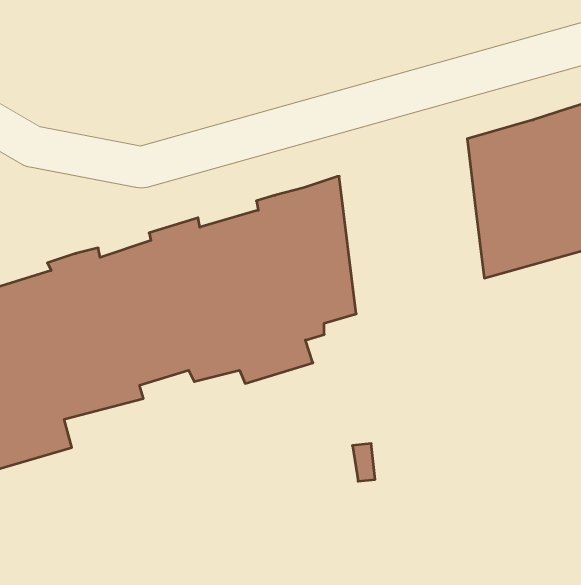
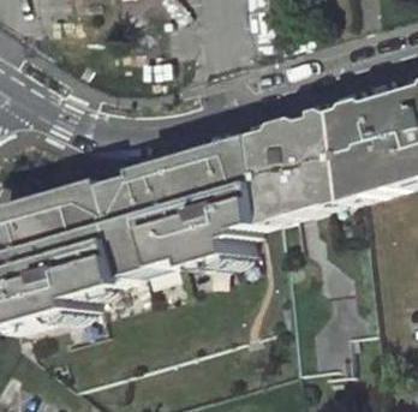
building: none -> [255,108,347,220]

